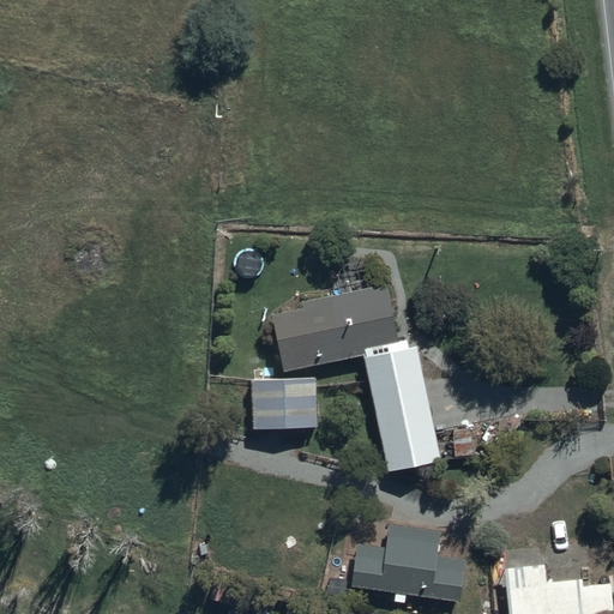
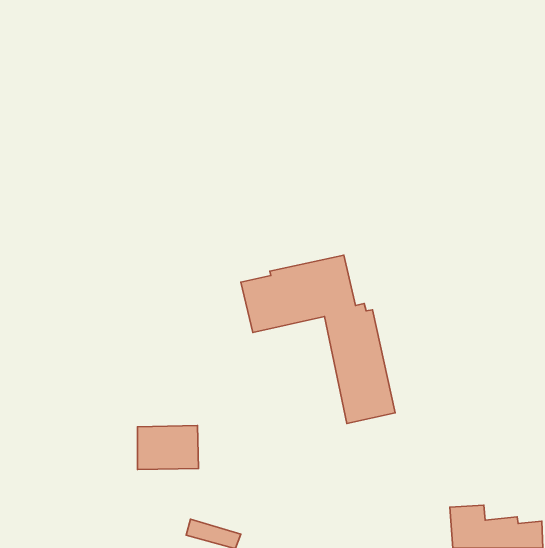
building: [248,379,317,428] -> [137,426,199,470]
building: [350,524,463,602] -> none

